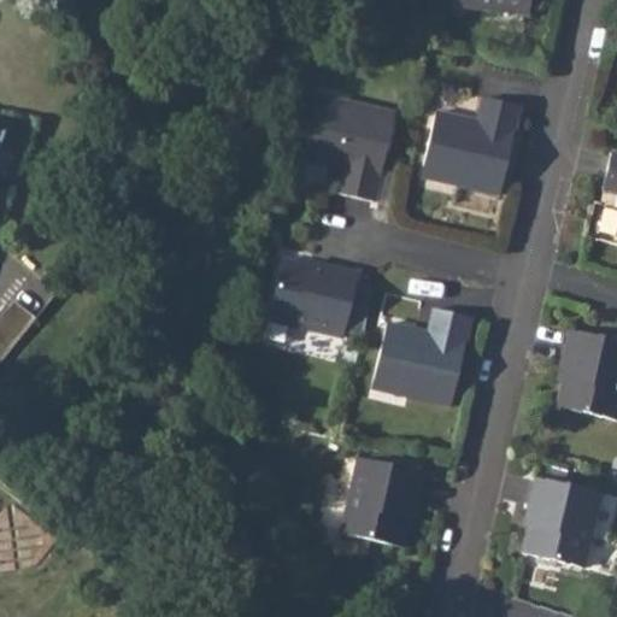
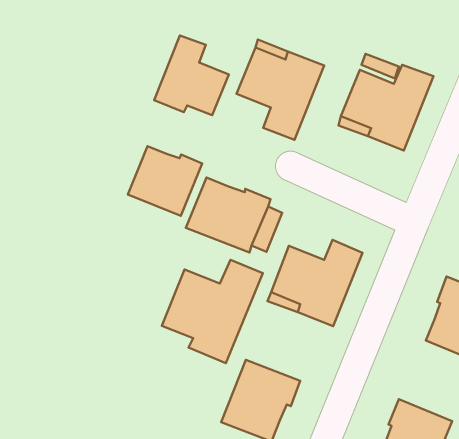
building: none -> [154,35,229,115]
building: none -> [128,146,202,216]
building: none -> [162,260,263,363]

